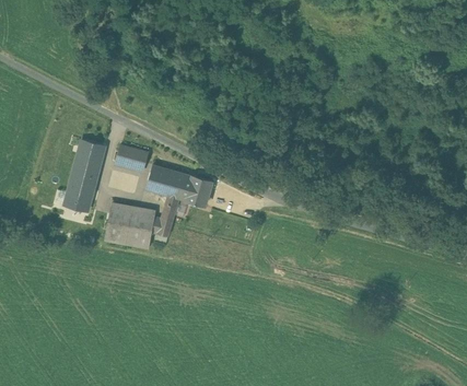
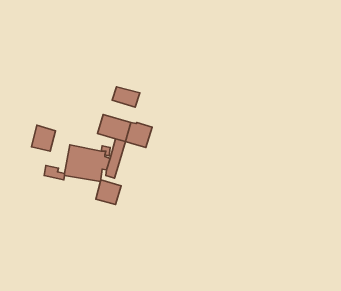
building: [71,139,105,185] -> none
building: [115,144,149,169] -> [112,87,140,107]
building: none -> [96,180,121,205]

